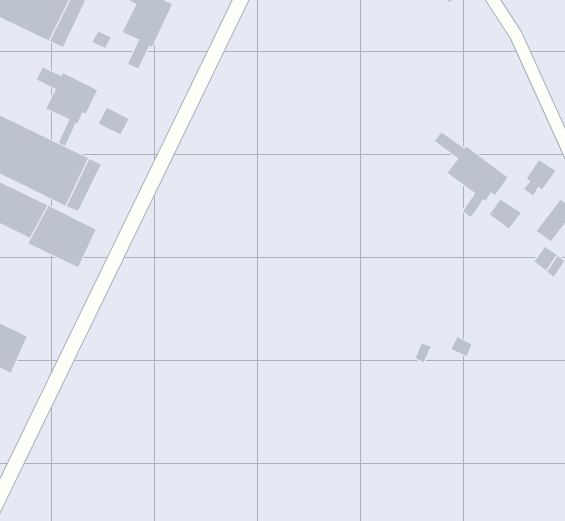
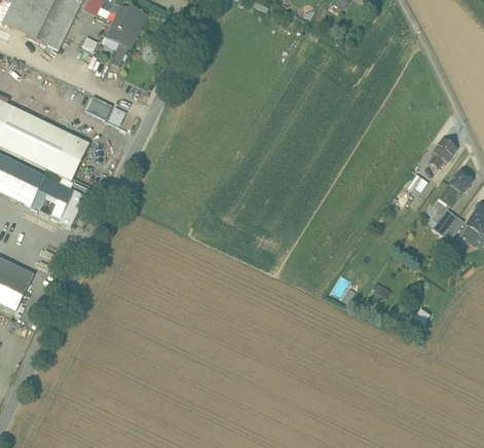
building: [36,67,98,147] -> none
building: [434,131,508,218] -> none

